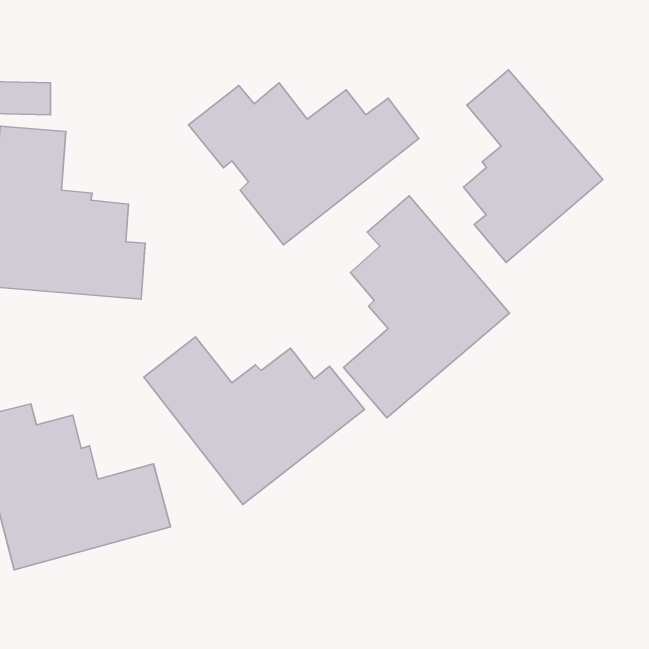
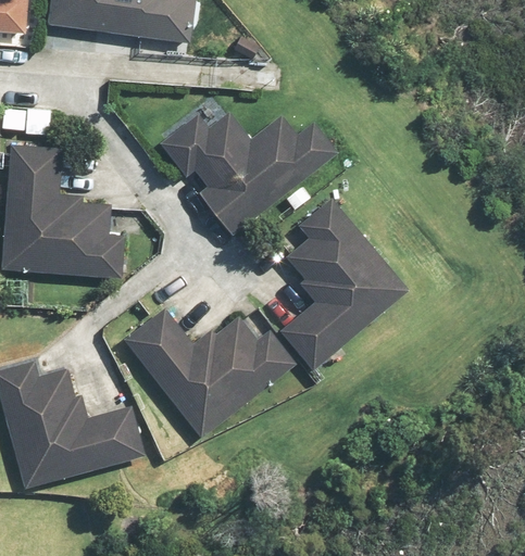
building: [464,70,603,262] -> none

